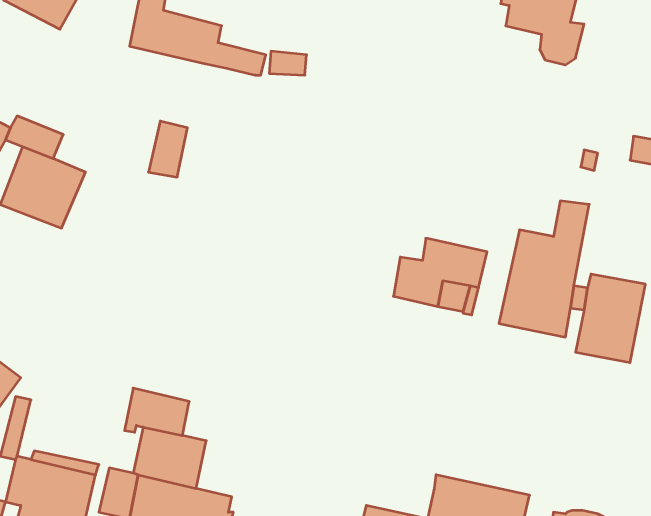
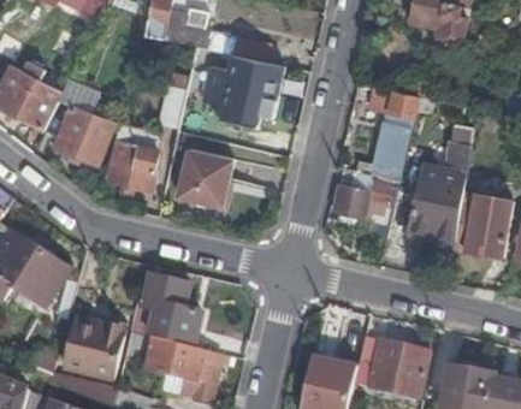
building: none -> [205,54,288,126]
building: none -> [356,85,416,179]
building: none -> [108,130,161,189]
building: none -> [178,147,238,208]

